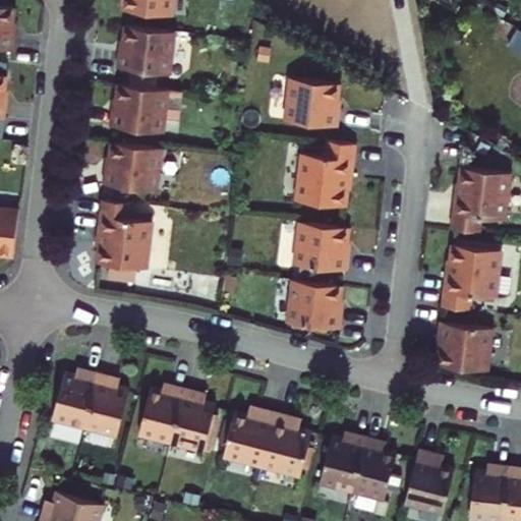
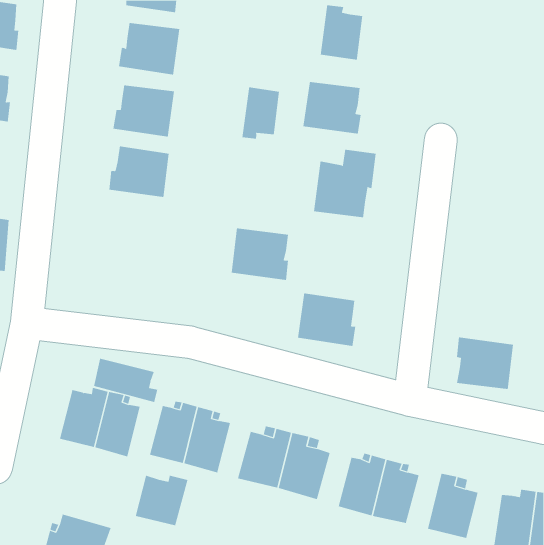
building: none -> [320,5,363,60]
building: none -> [242,86,279,139]
building: [447,168,507,234] -> none
building: [99,199,154,269] -> none
building: [294,225,349,275] -> [231,228,289,280]
building: [437,245,498,311] -> none
building: none -> [94,358,158,403]
building: none -> [135,475,188,526]

